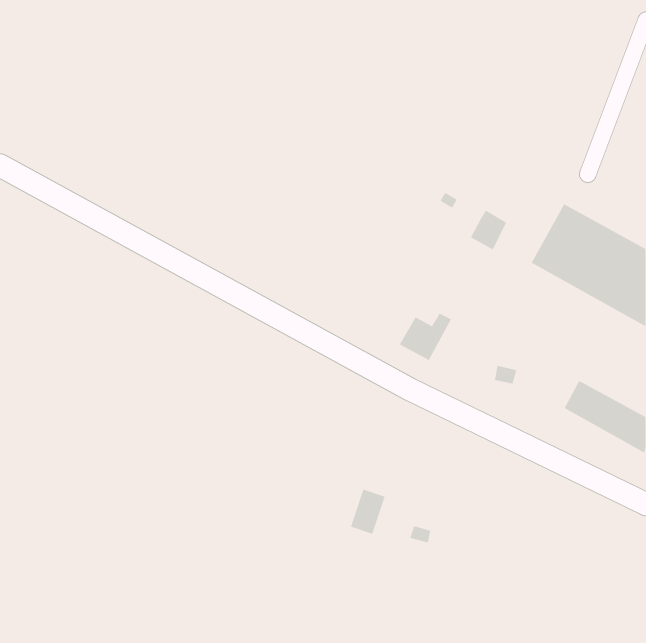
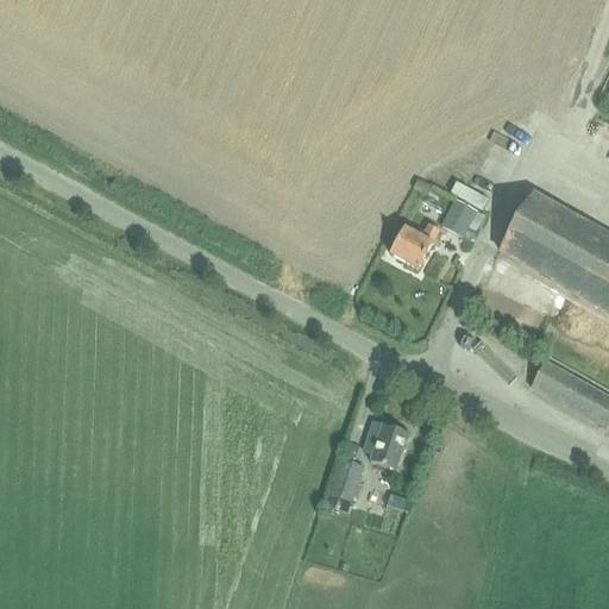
building: [399,313,452,361] -> [390,221,440,266]
building: none -> [363,423,408,471]

